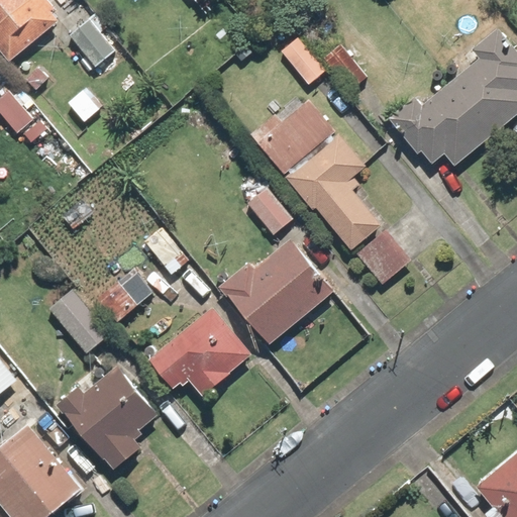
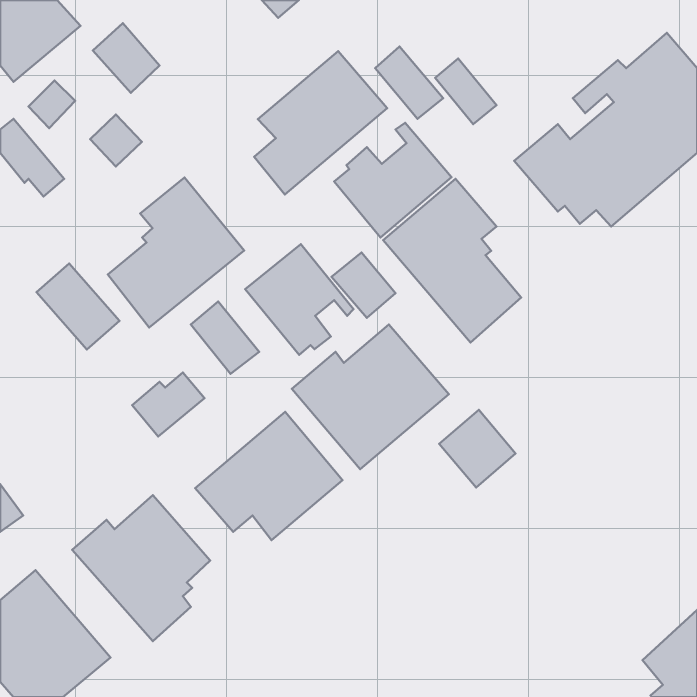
building: none -> [254,51,387,195]
building: none -> [108,178,244,328]
building: none -> [245,244,353,355]
building: [355,227,412,285] -> [439,410,516,488]
building: [48,289,110,352] -> [36,264,120,350]

